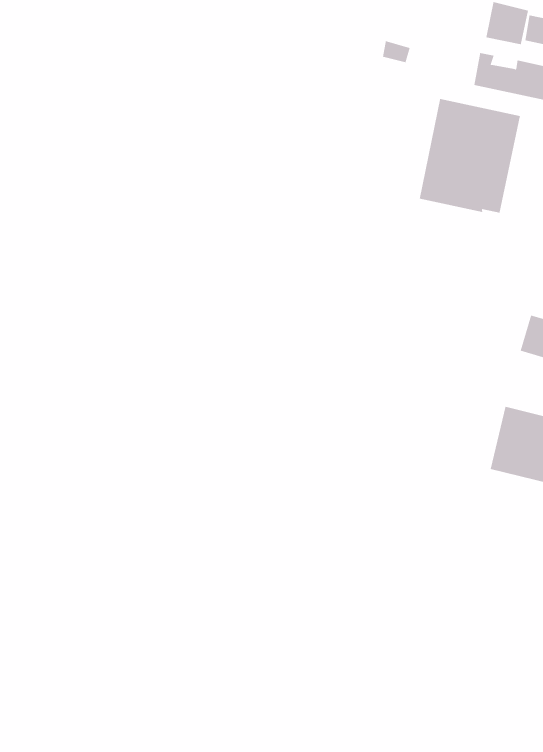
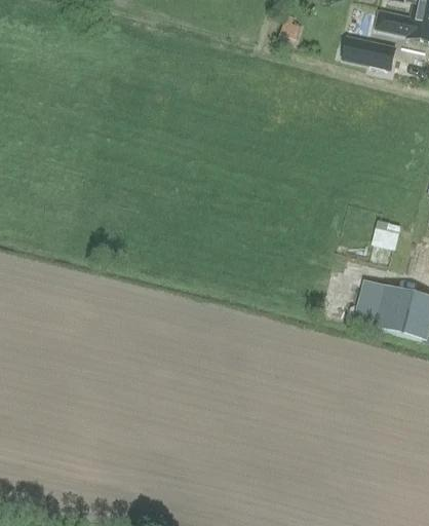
building: [419,98,521,214] -> none

